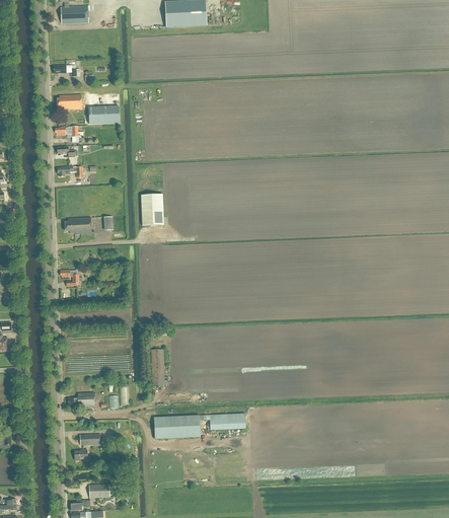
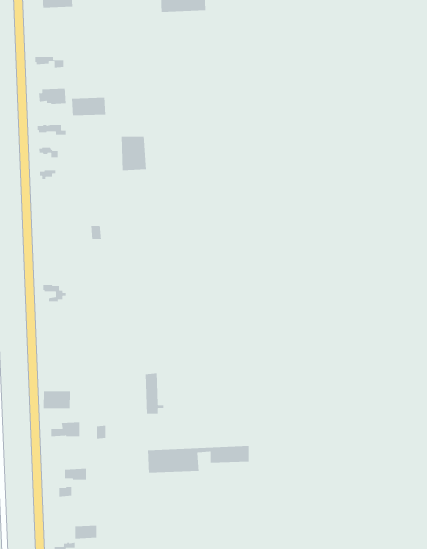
building: [141,194,164,225] -> [121,136,147,171]
building: [65,217,94,233] -> none
building: none -> [43,390,71,409]

